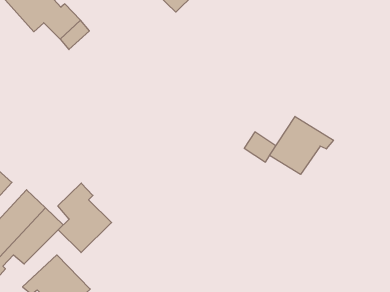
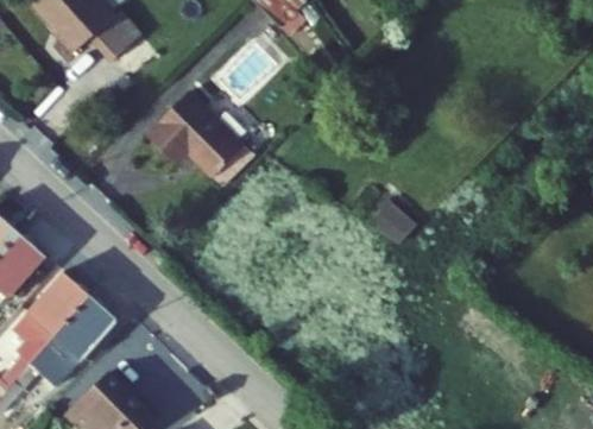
building: none -> [143,86,244,171]
building: [270,116,333,174] -> none
building: [58,183,112,253] -> none

